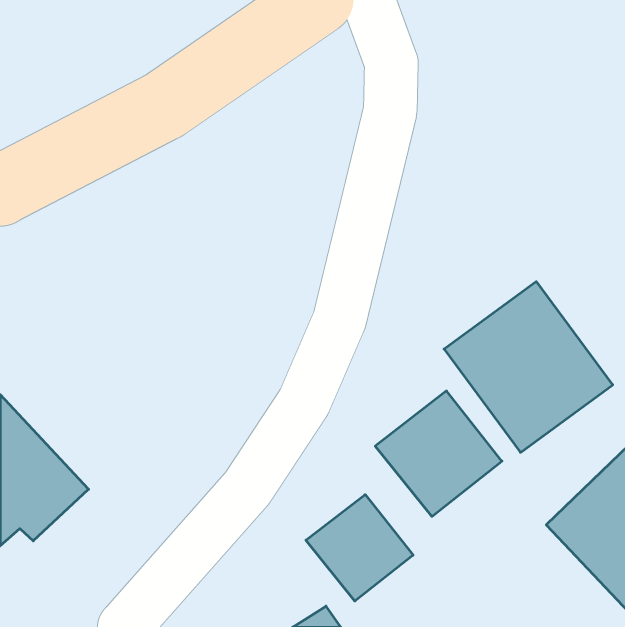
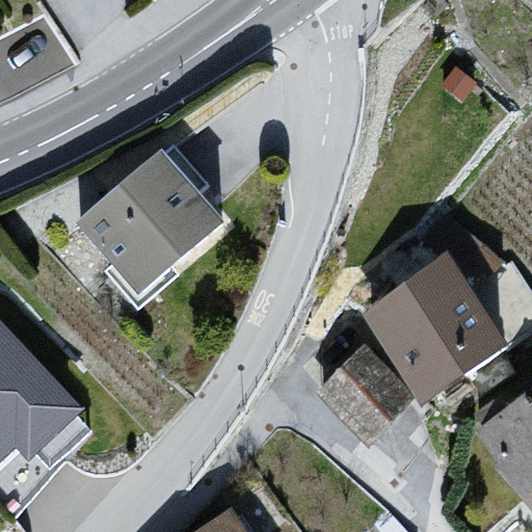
building: none -> [79,152,235,305]
building: [306,495,413,601] -> none

